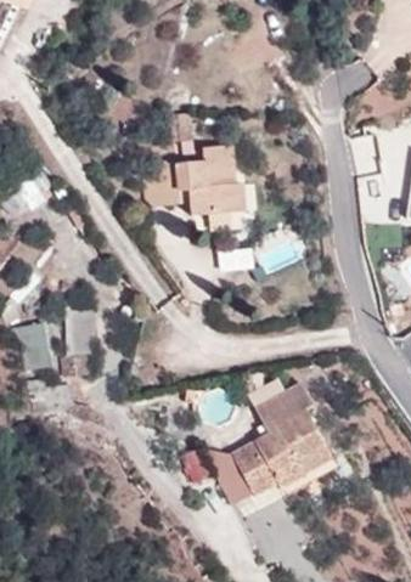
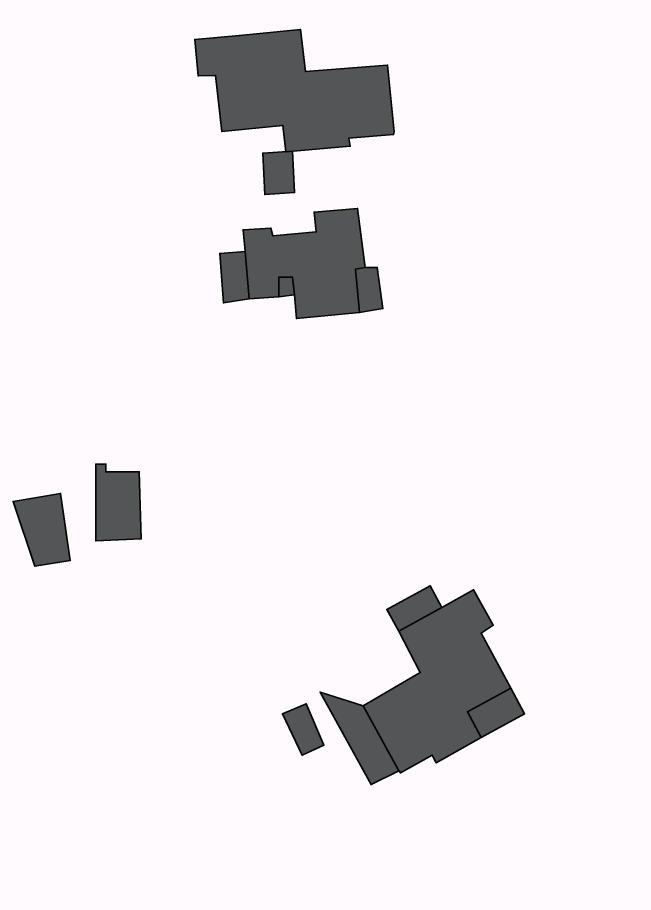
building: none -> [195,30,394,152]

